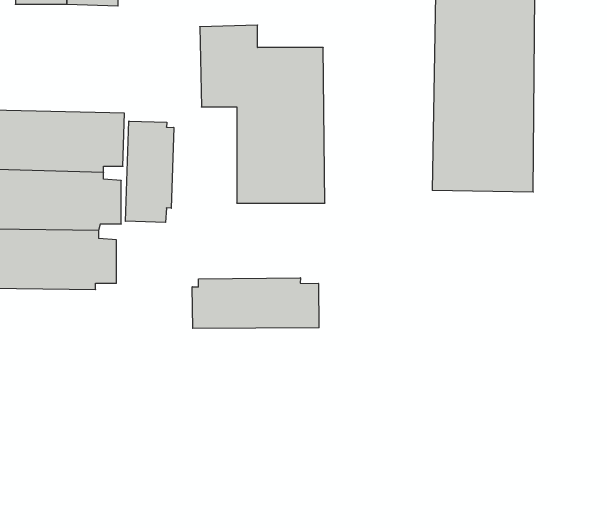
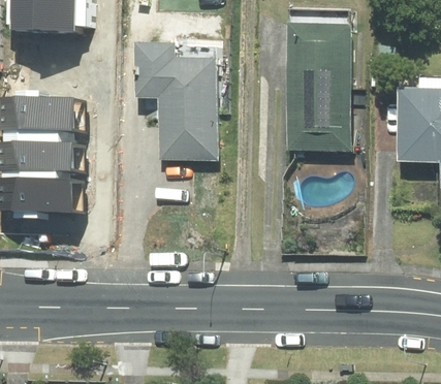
building: [125,121,174,222] -> none
building: [192,278,319,328] -> none

